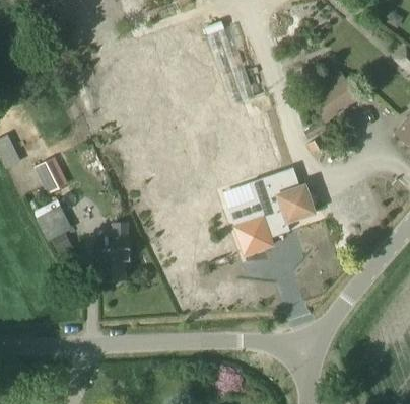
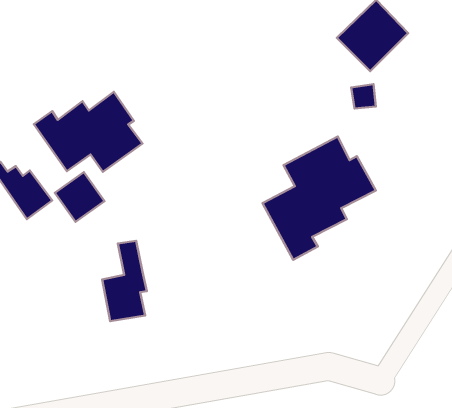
building: none -> [34,92,142,172]
building: [37,206,73,242] -> [55,172,104,222]

